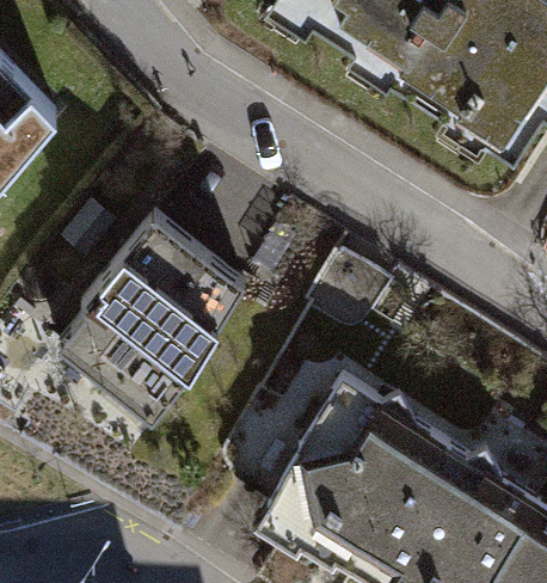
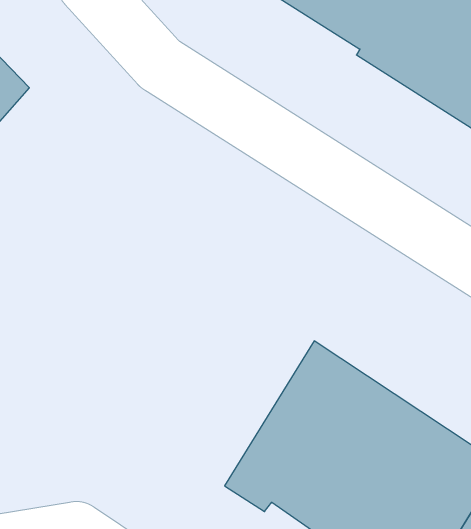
building: [60,208,247,417] -> none

